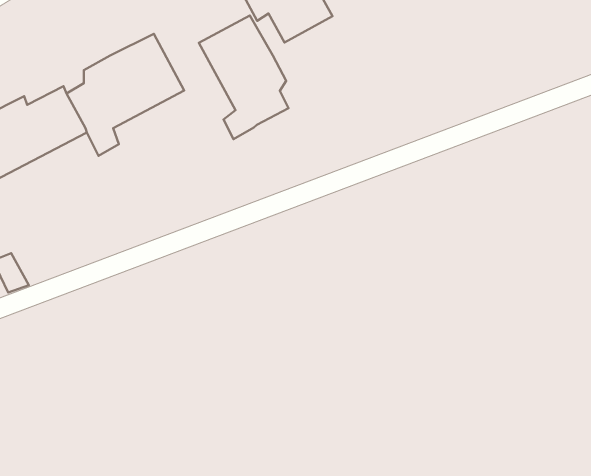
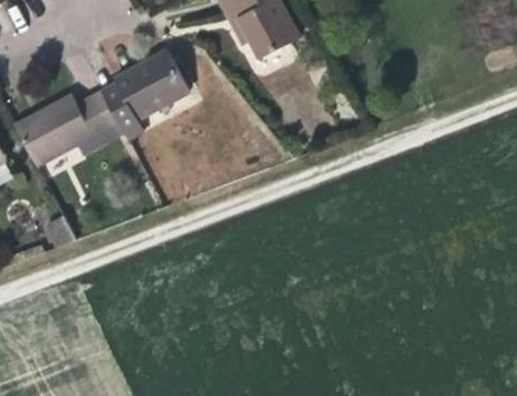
building: [199,15,288,139] -> none

